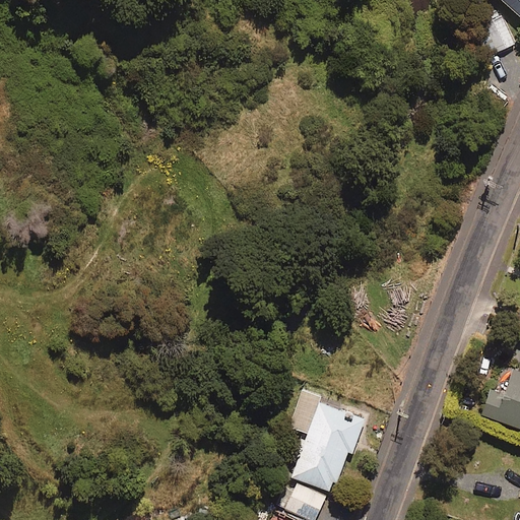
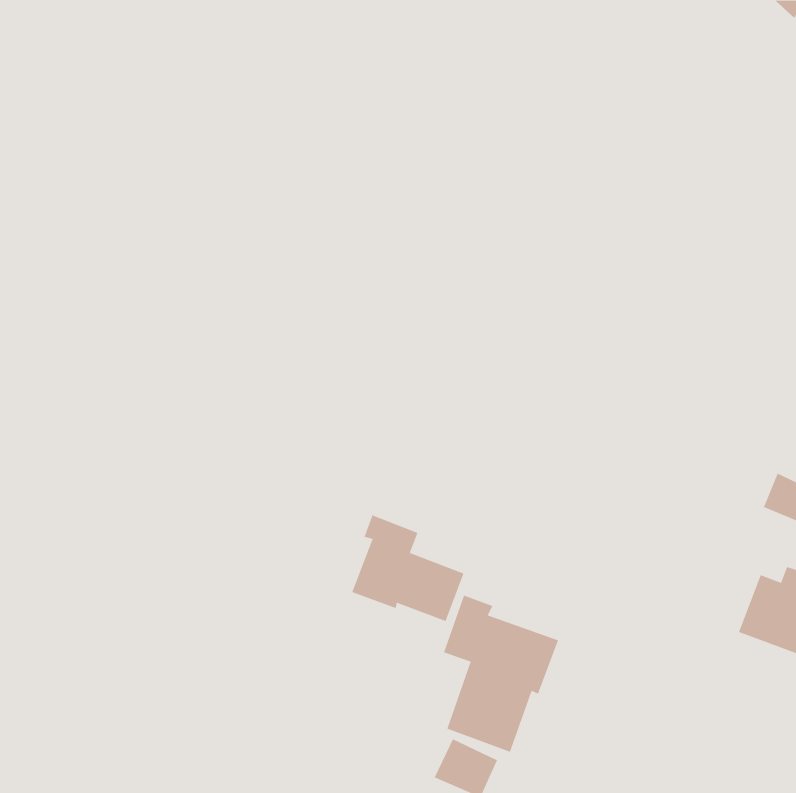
building: none -> [352,515,464,622]

